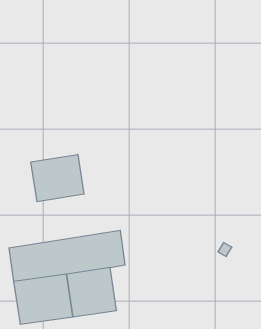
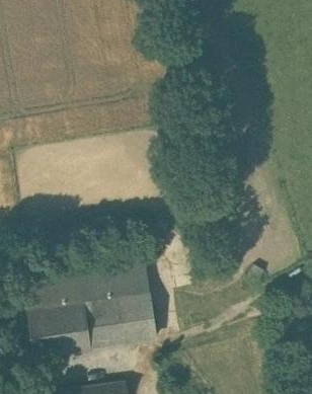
building: [31,154,84,202] -> none
building: none -> [133,292,156,341]

